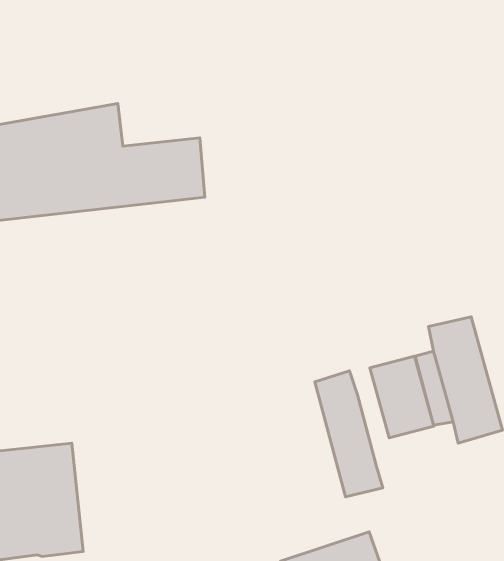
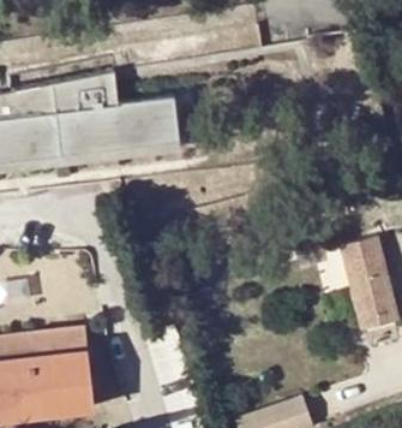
building: [370,356,434,438] -> none
building: [315,371,383,497] -> none

